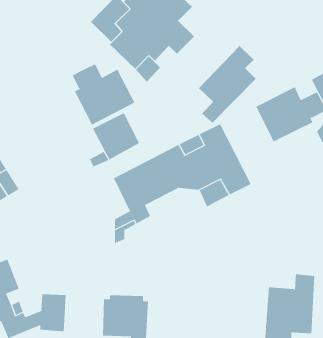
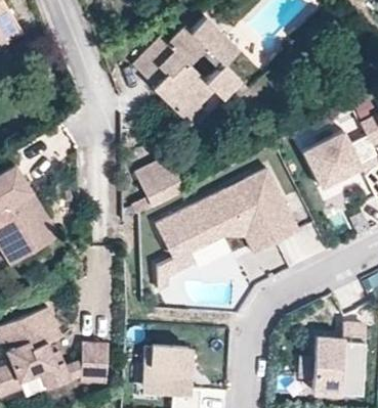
building: [198,45,257,124] -> none
building: [72,63,135,125] -> none

